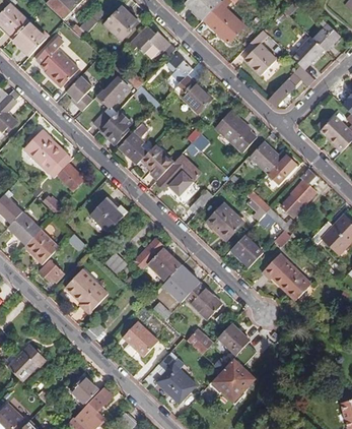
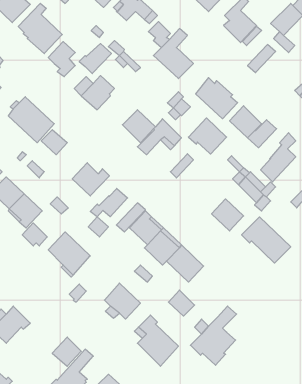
building: [118,123,147,164] -> none
building: [205,202,243,239] -> [188,118,227,154]
building: none -> [90,188,128,217]
building: [217,323,250,355] -> none

